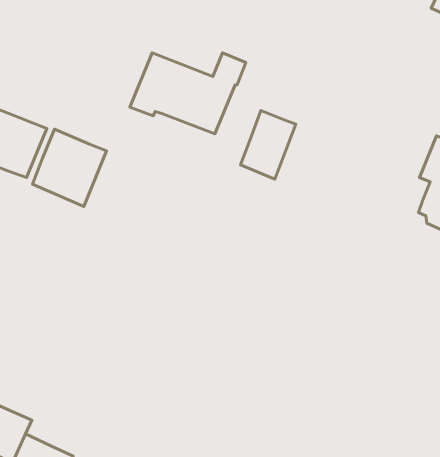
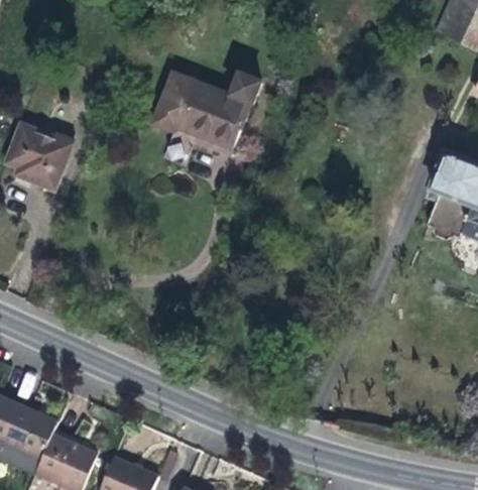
building: [241,111,296,179] -> none
building: [32,129,107,207] -> none

